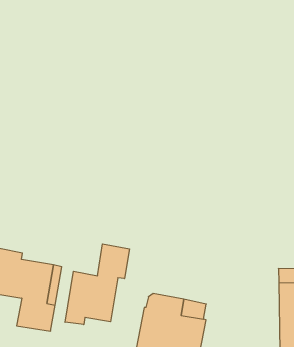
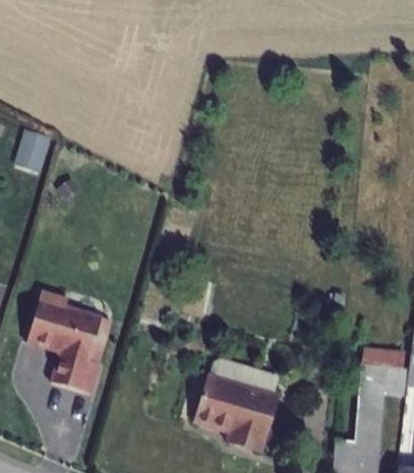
building: [65,244,129,325] -> none

